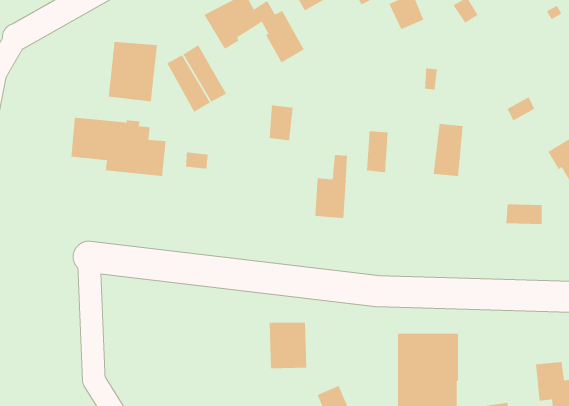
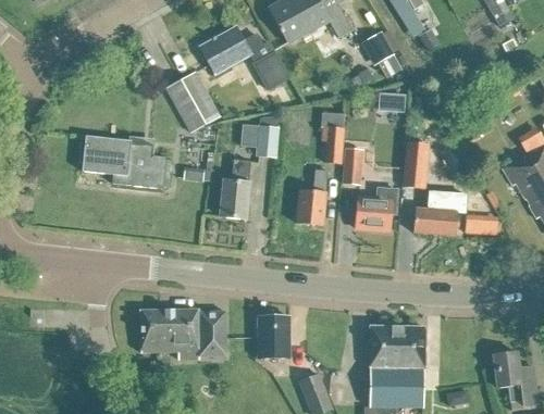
building: [108,41,157,102] -> none
building: none -> [321,126,344,163]
building: none -> [221,159,251,218]
building: none -> [356,186,399,229]
building: none -> [413,189,466,235]
building: none -> [140,309,226,359]

